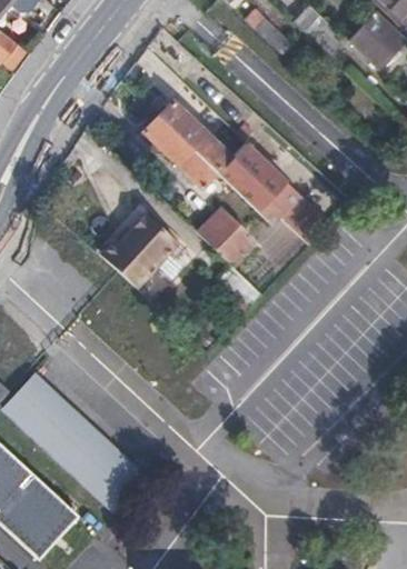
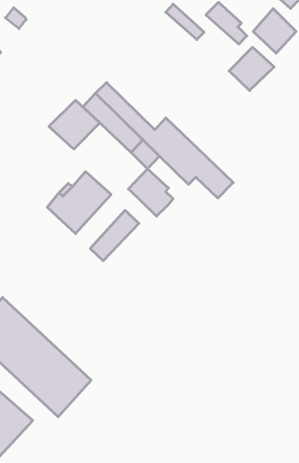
building: none -> [229,47,274,91]
building: none -> [49,100,100,149]
building: none -> [90,210,139,261]

